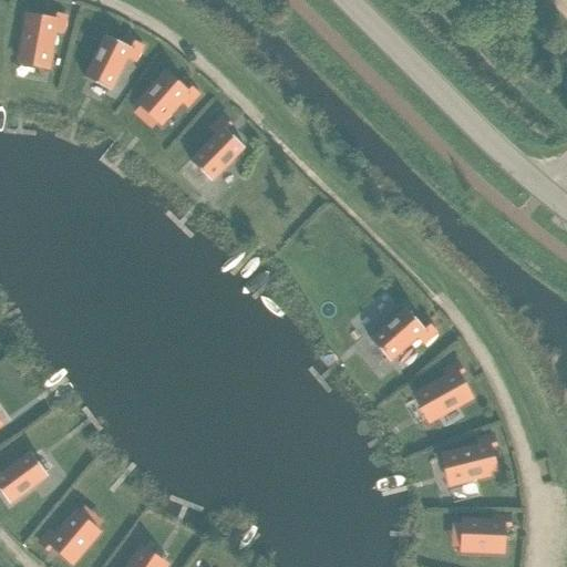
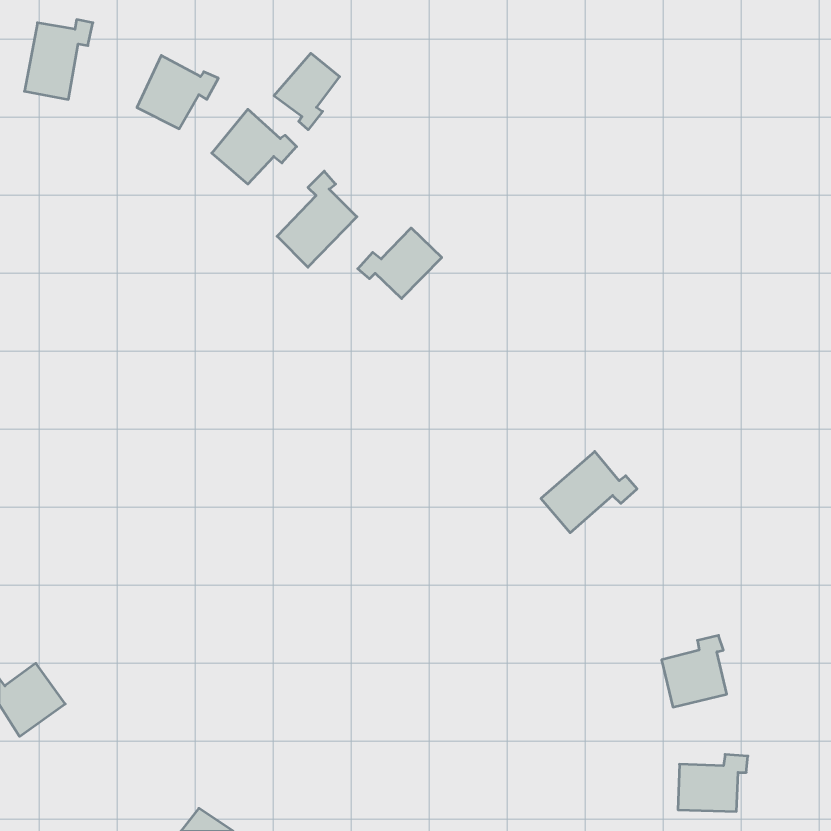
building: none -> [274,53,340,130]
building: none -> [358,228,442,299]
building: [412,361,468,421] -> none
building: [43,508,101,559] -> none

